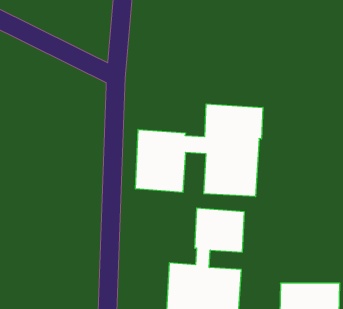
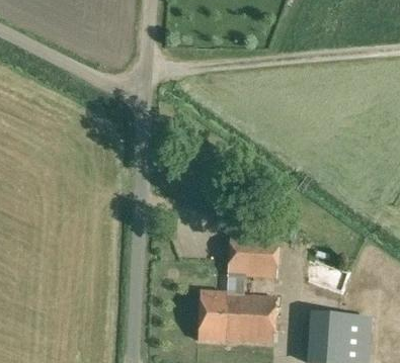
building: [136,104,263,197] -> none

